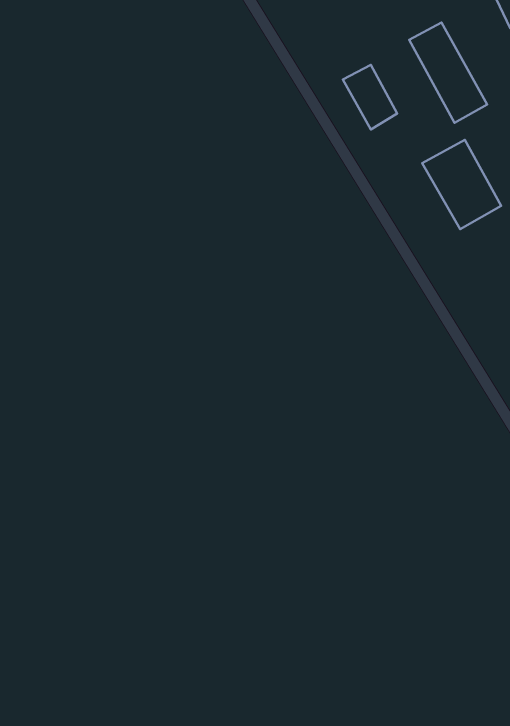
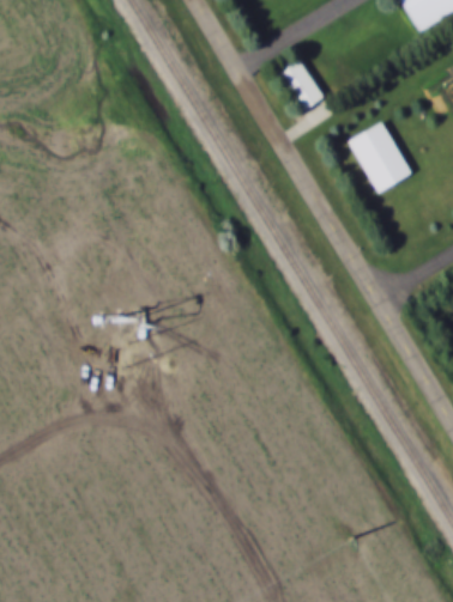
building: [409,23,487,123] -> none

